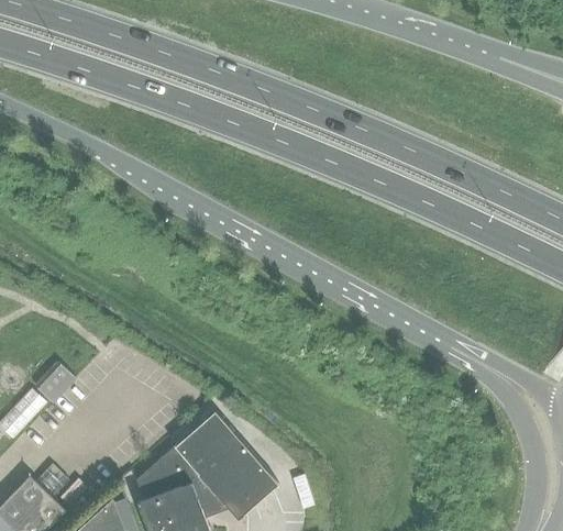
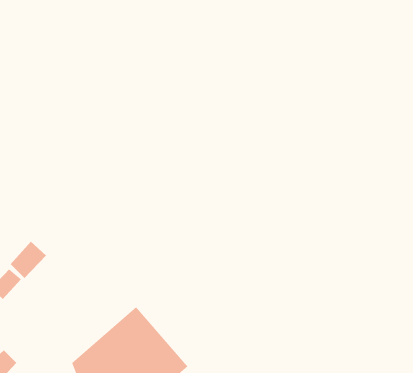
building: none -> [10,241,47,279]

